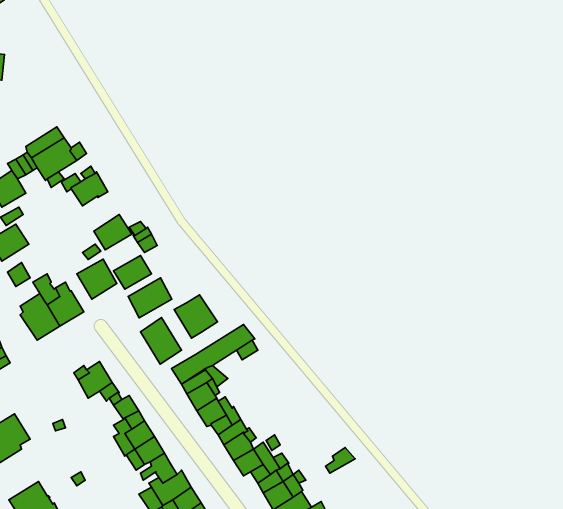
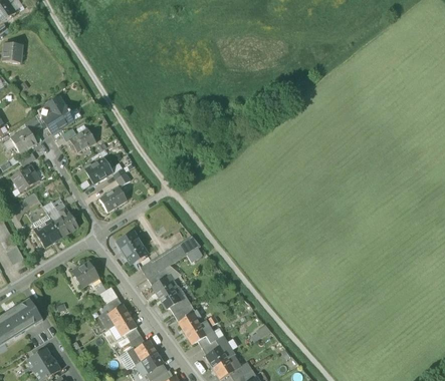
building: [77,259,117,299] -> none
building: [128,278,172,318] -> none
building: [174,295,217,338] -> none

